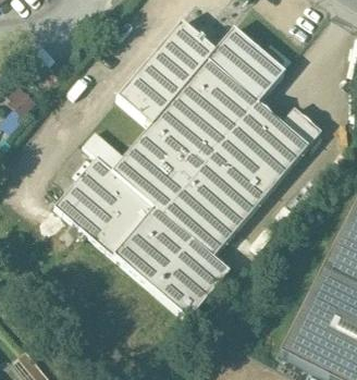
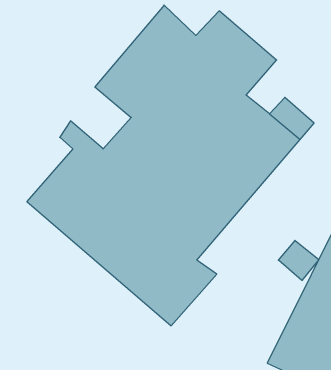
building: none -> [278,240,319,280]

